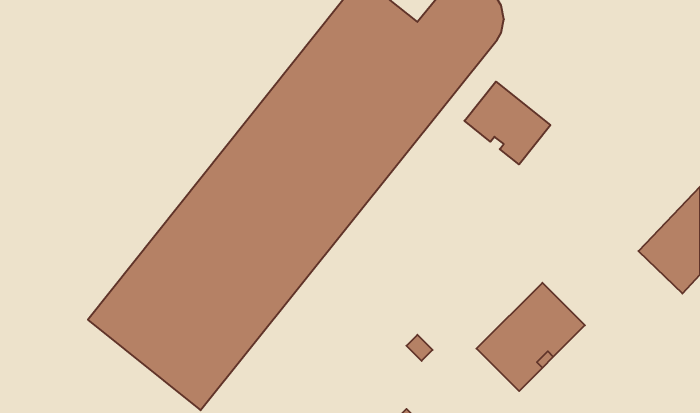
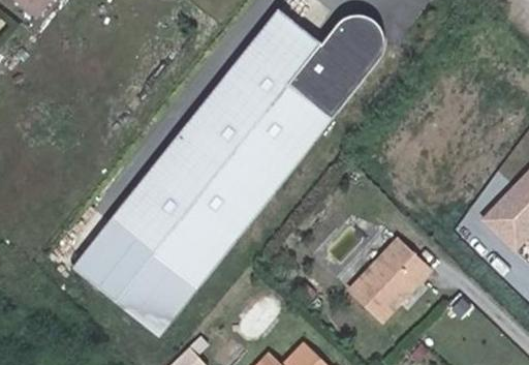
building: [464,82,550,164] -> none

